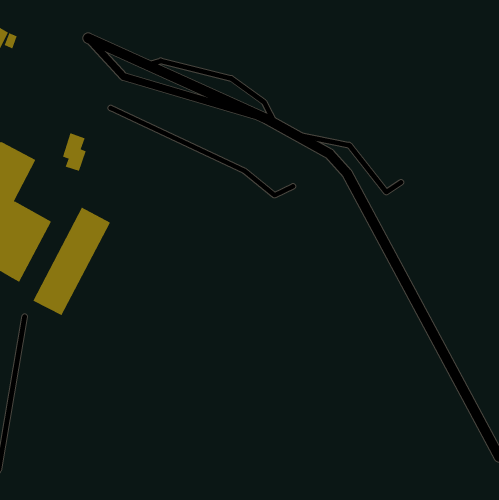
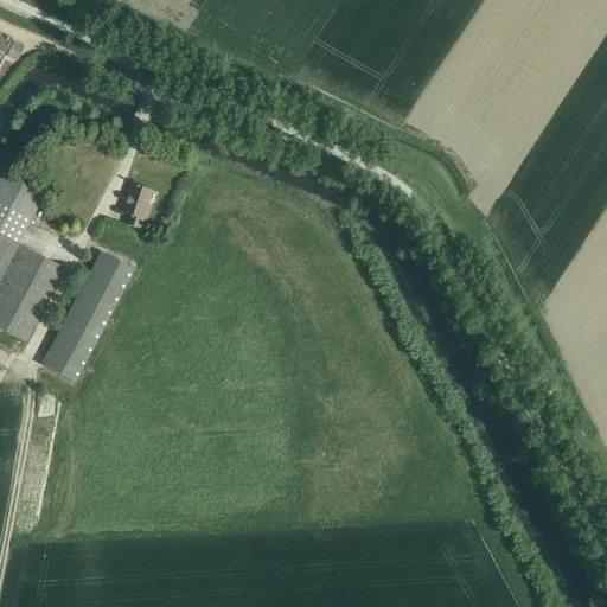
building: [62,132,87,172] -> [121,183,151,230]

